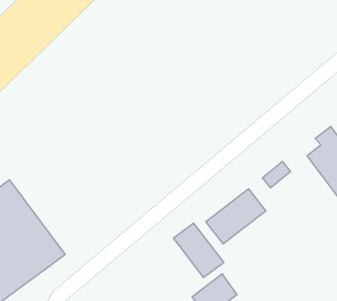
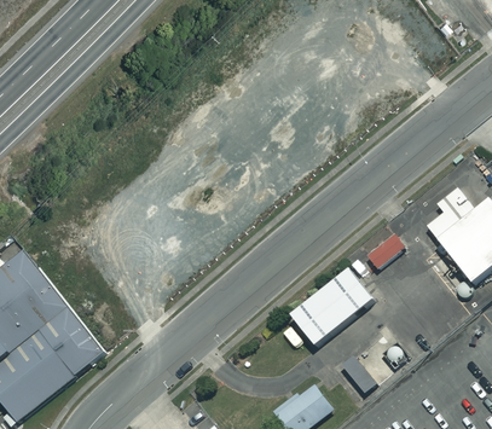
building: [173,223,224,278] -> none
building: none -> [342,353,378,390]

